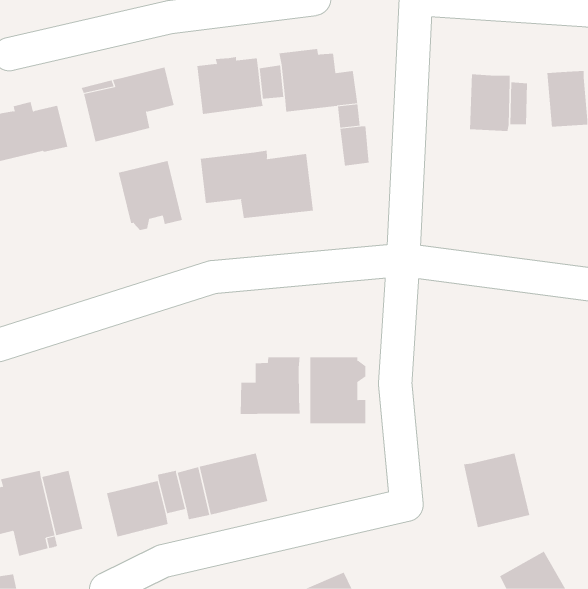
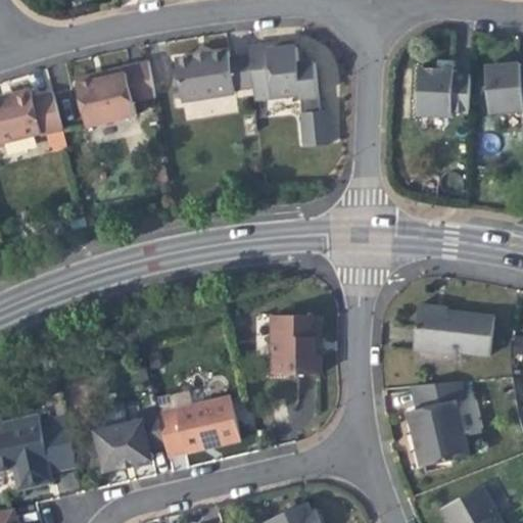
building: [200,150,314,219] -> none
building: [118,160,182,231] -> none
building: none -> [414,303,495,354]
building: [240,356,300,415] -> none
building: none -> [412,381,464,410]

